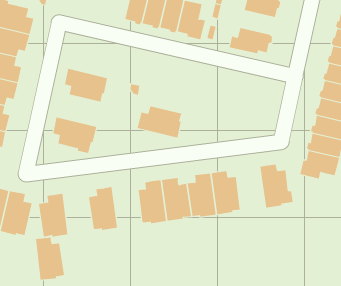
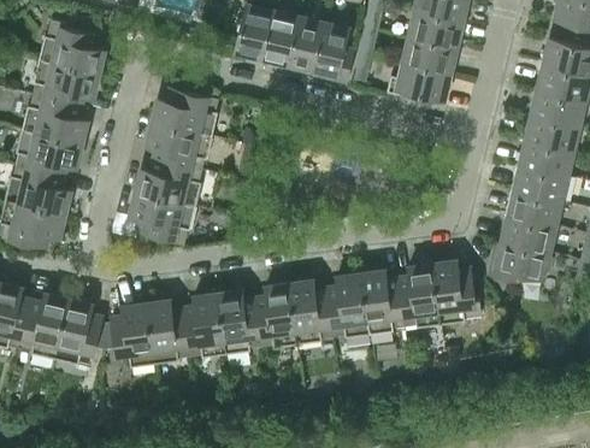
building: none -> [403,35,458,71]
building: none -> [153,87,219,134]
building: [137,106,182,138] -> [136,158,202,205]
building: none -> [399,263,441,325]
building: none -> [218,288,261,352]
building: [35,237,65,280] -> [147,299,190,361]

